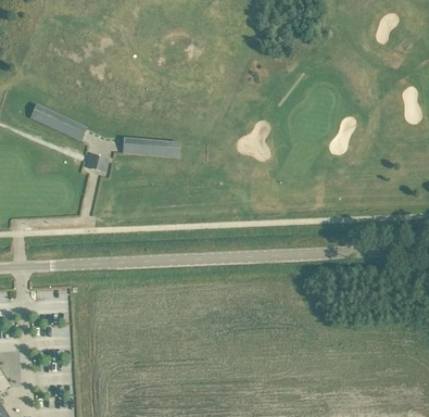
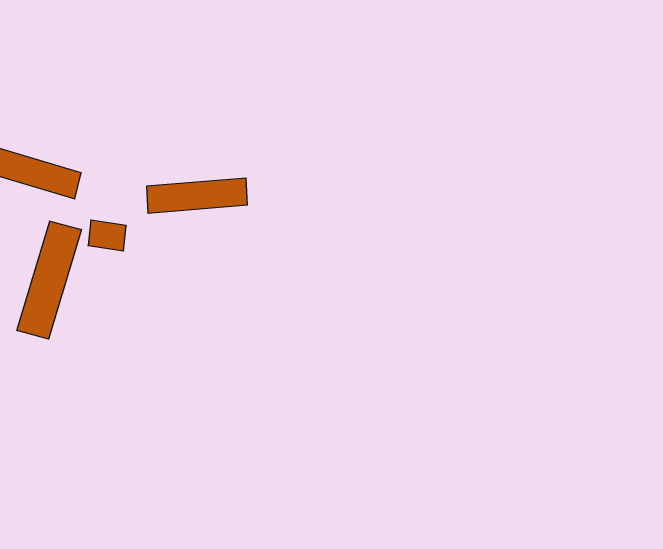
building: none -> [17,221,81,339]

